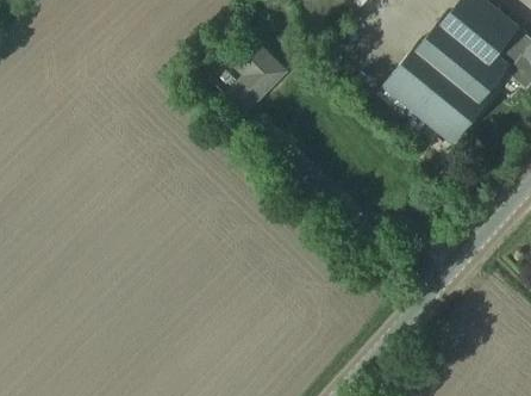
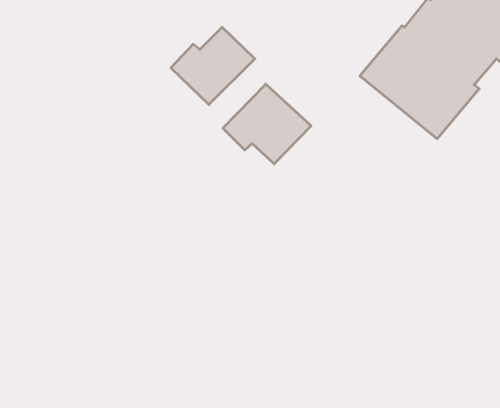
building: none -> [223,84,311,164]

